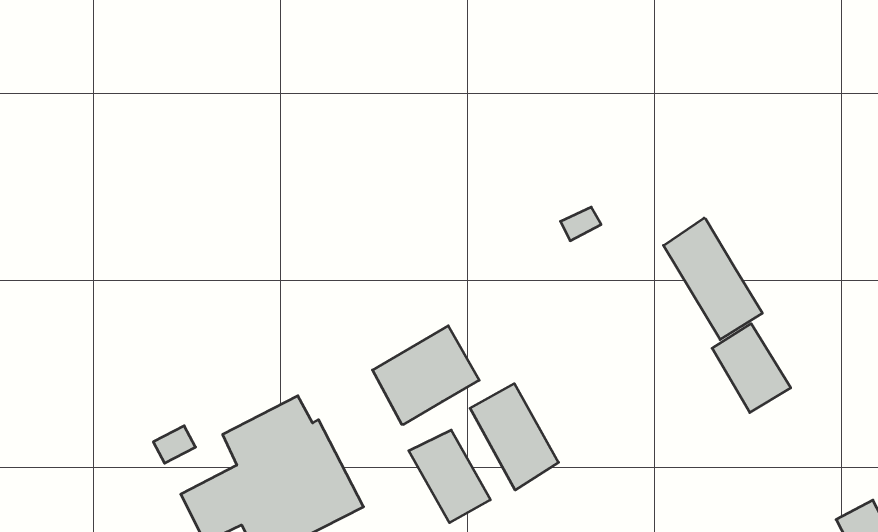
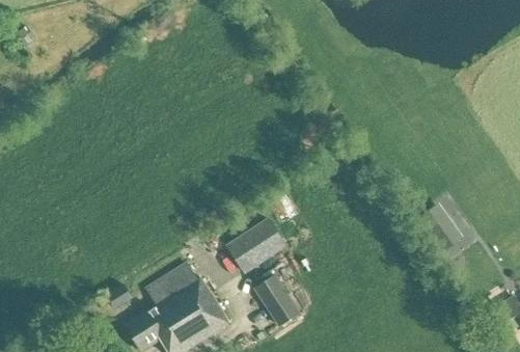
building: [663,218,762,340] -> none
building: [470,384,559,490] -> none

